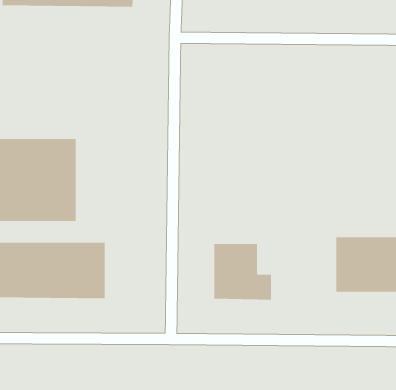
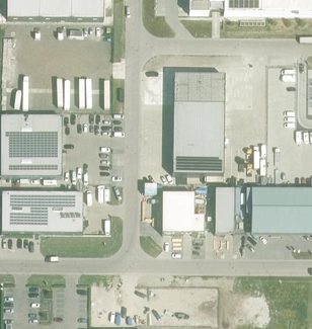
building: none -> [172,73,224,173]
building: none -> [214,187,233,232]

